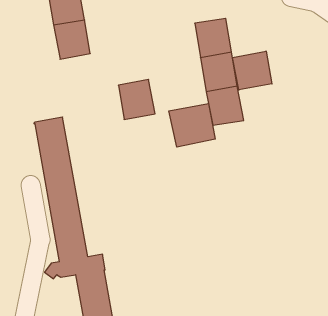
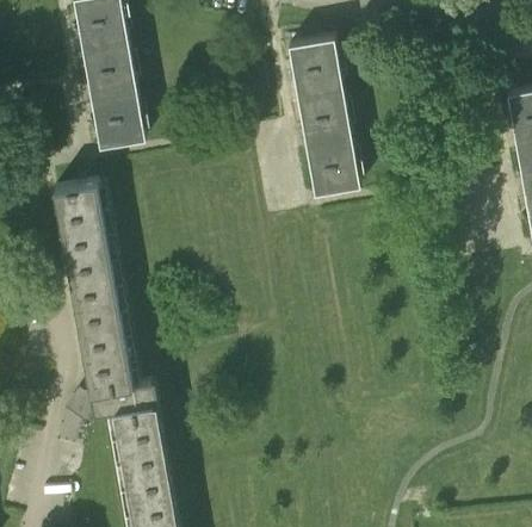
building: [232,51,272,90] -> none
building: [118,79,155,119] -> [92,91,146,149]
building: [169,103,215,147] -> none

